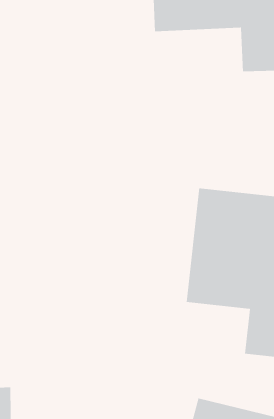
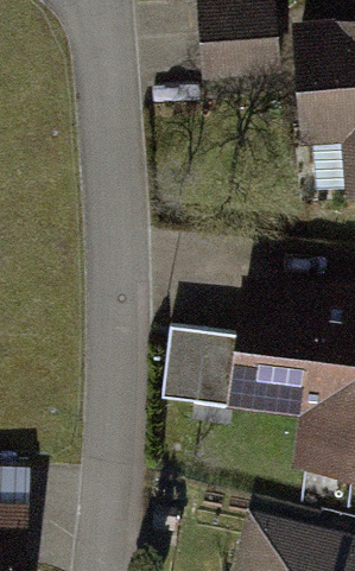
building: none -> [156,330,223,407]

